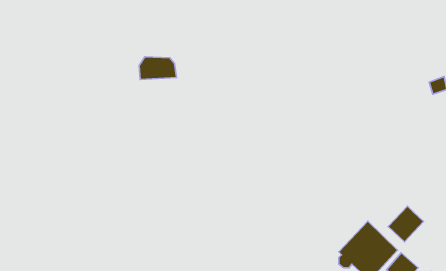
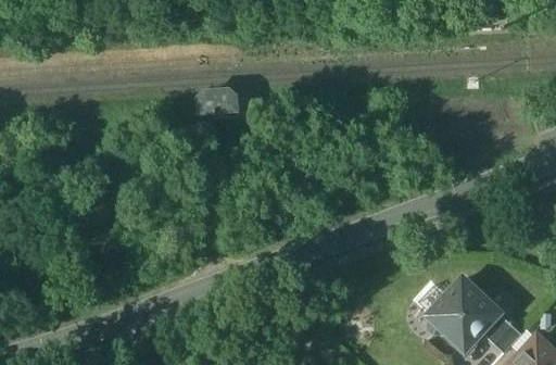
building: [388,206,424,242] -> none

